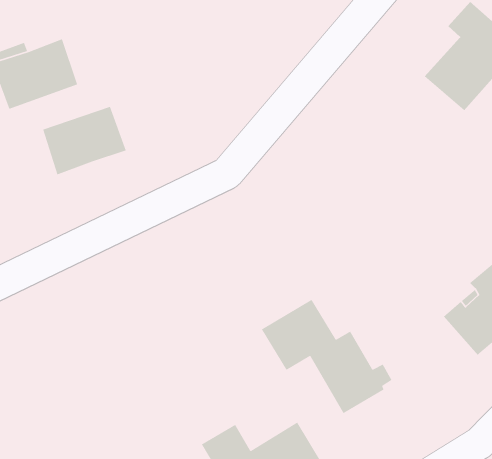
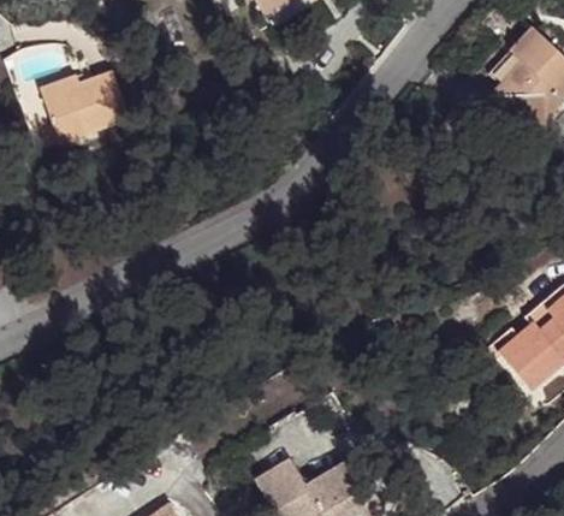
building: [42,106,127,176] -> none
building: [261,299,392,414] -> none

